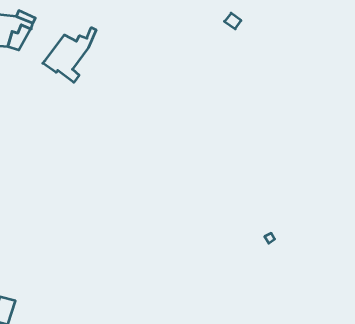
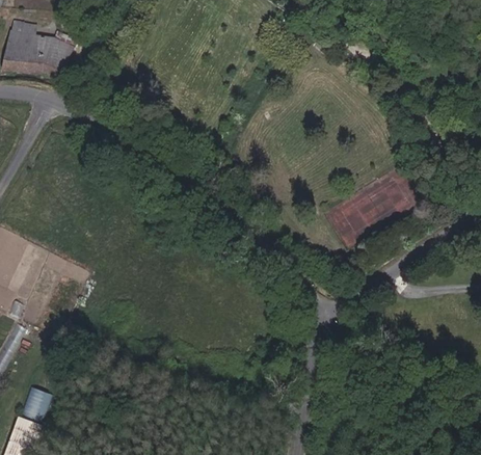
building: [43,28,96,82] -> none

